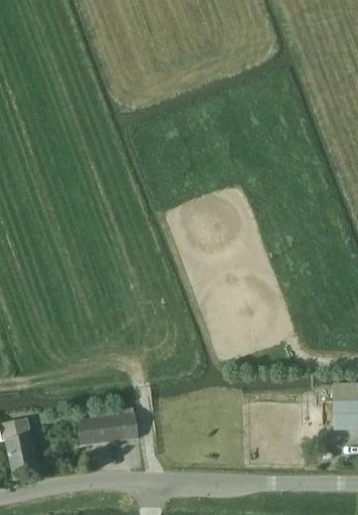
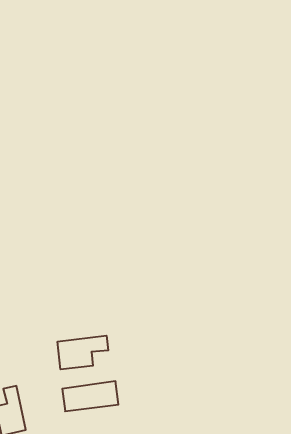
building: none -> [58,336,108,369]

